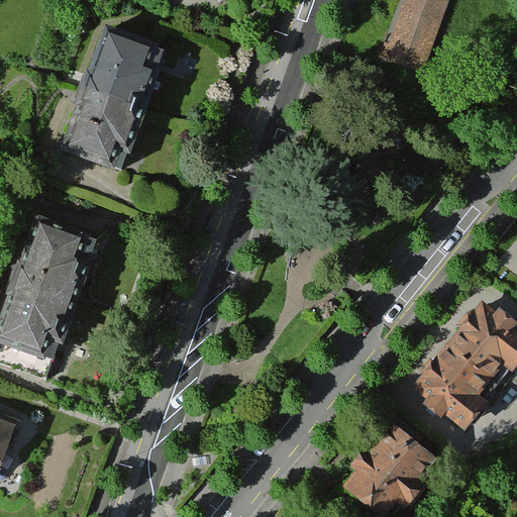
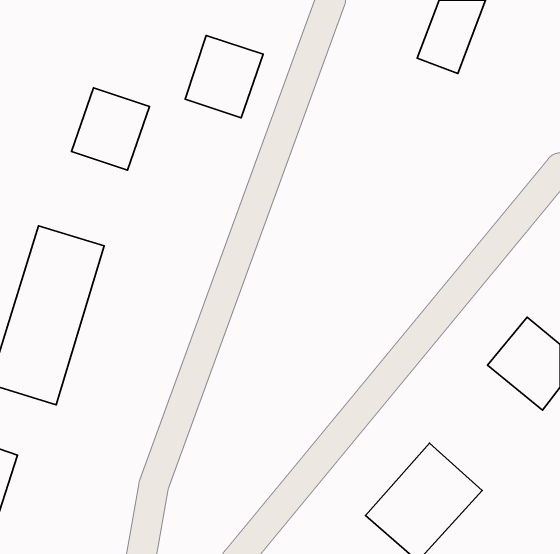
building: [86,28,158,104] -> [185,36,263,118]
building: [411,342,499,428] -> none

